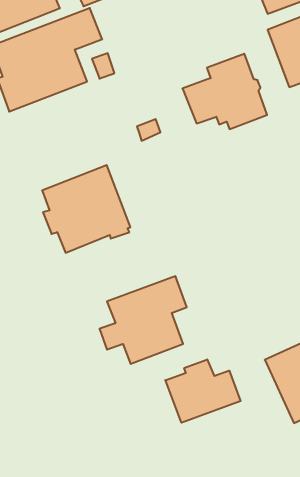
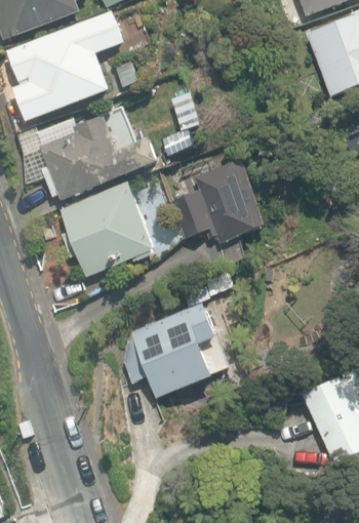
building: [182,54,267,129] -> [168,161,261,243]
building: none -> [39,105,159,199]
building: [165,359,241,423] -> none

